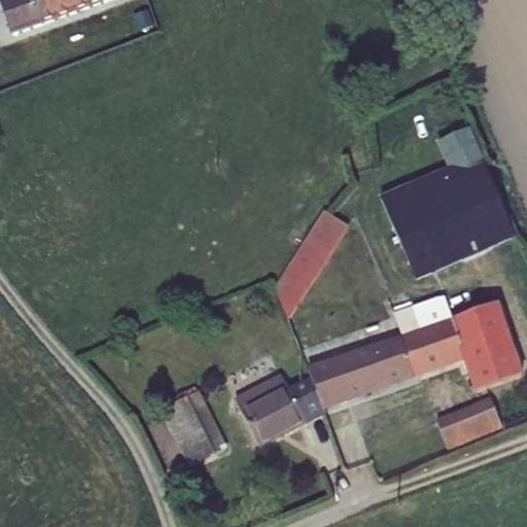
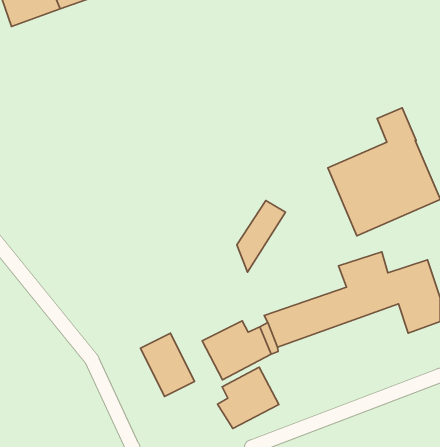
building: [436,396,502,446] -> none
building: none -> [217,367,279,429]

